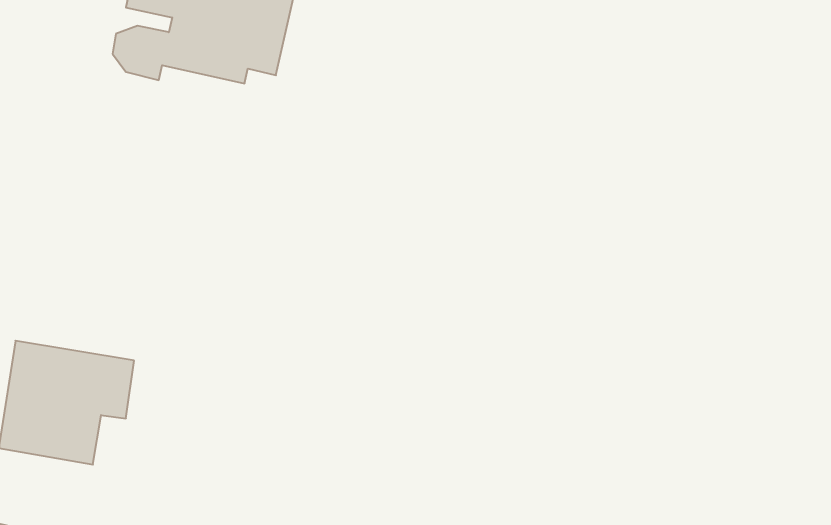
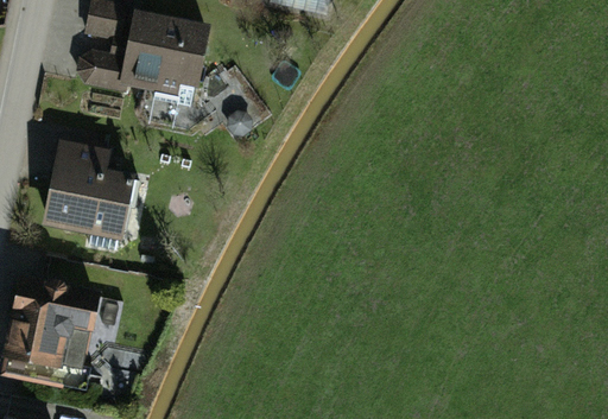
building: none -> [45,141,127,236]

